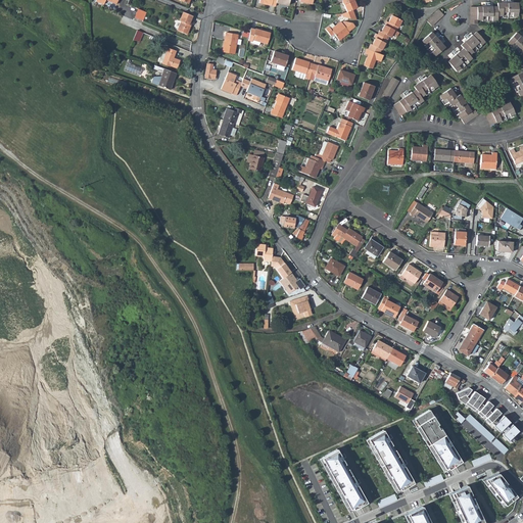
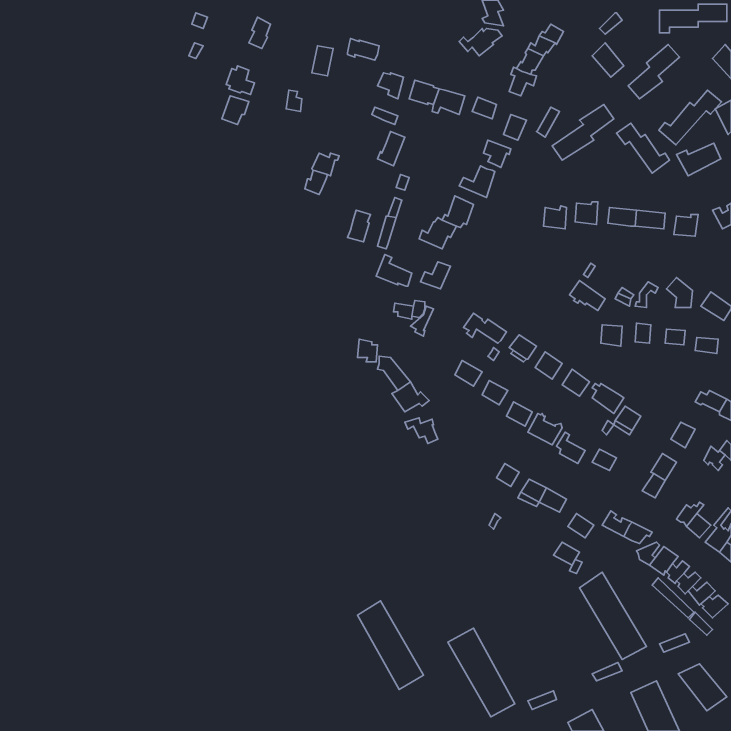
building: none -> [659,90,722,145]
building: [221,73,266,101] -> none
building: [297,327,345,353] -> none
building: [368,430,415,493] -> [358,601,423,690]

